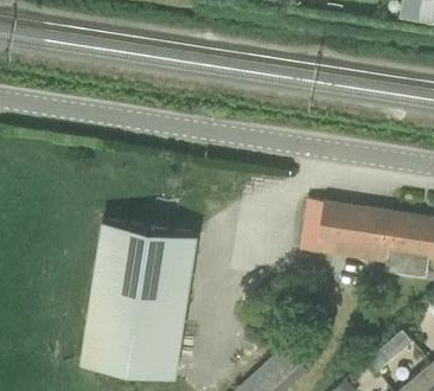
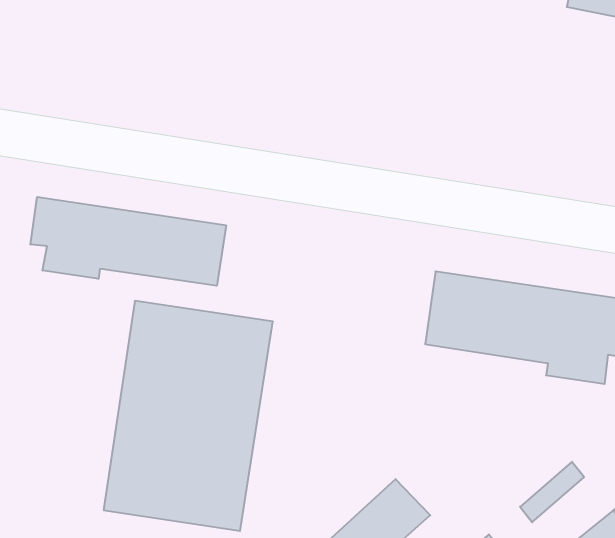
building: none -> [30,197,226,286]

